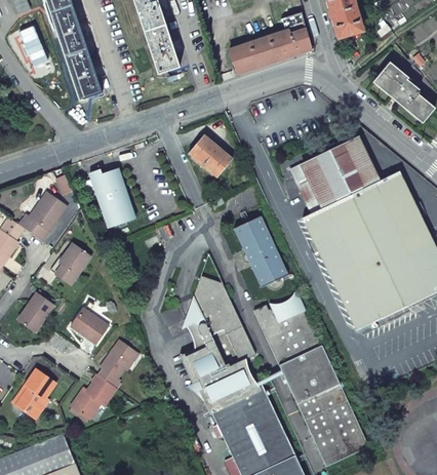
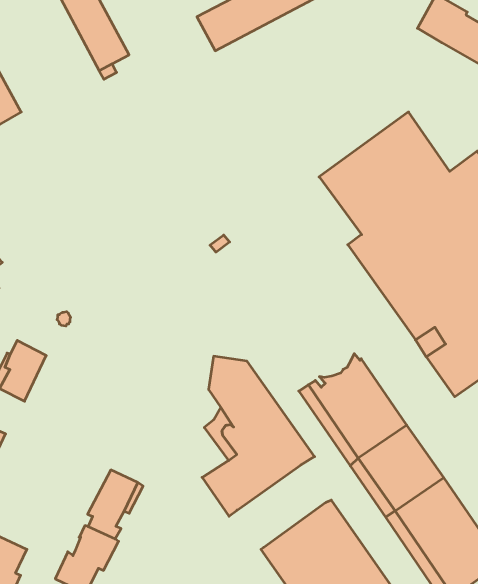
building: [189,134,233,176] -> none
building: [92,168,136,228] -> none
building: [234,215,288,289] -> none
building: [71,308,108,344] -> none
building: [199,358,259,408] -> none

